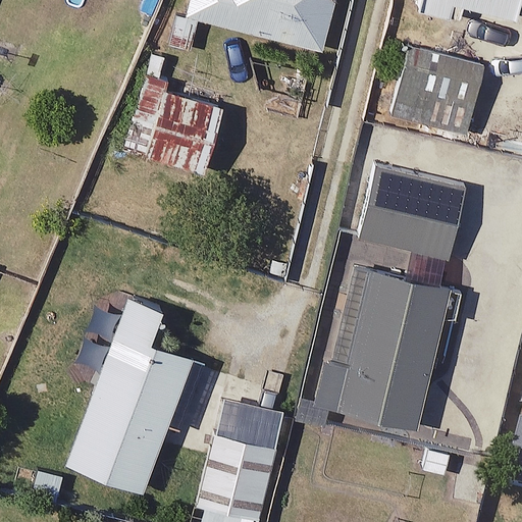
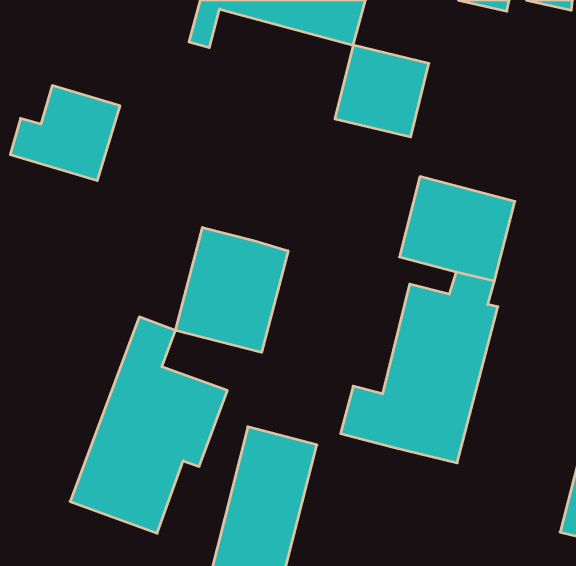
building: [394,53,478,136] -> [335,45,429,137]
building: [123,88,222,173] -> [10,86,120,181]
building: none -> [175,227,288,352]

